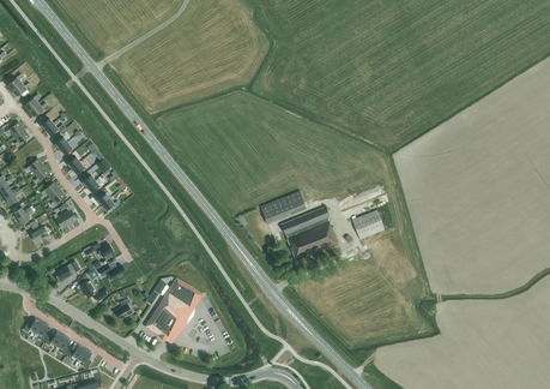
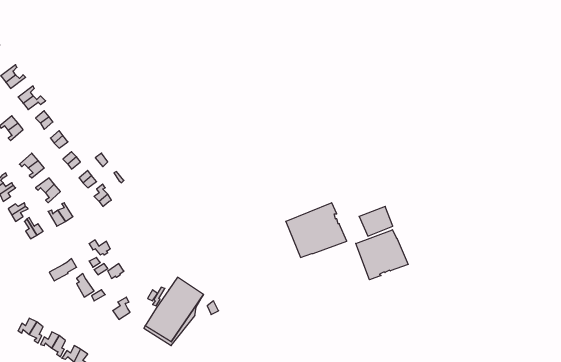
building: [262,191,308,223] -> none
building: none -> [356,230,408,280]

